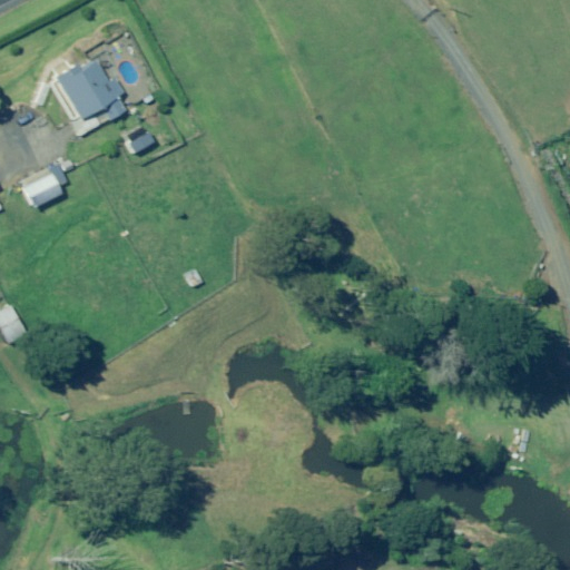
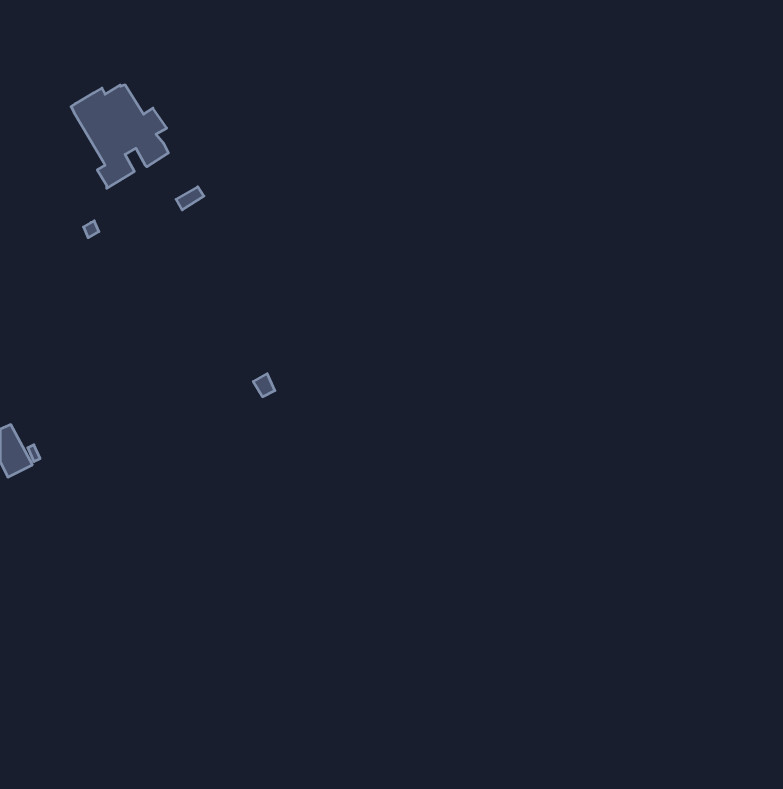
building: [23,169,62,208] -> none

